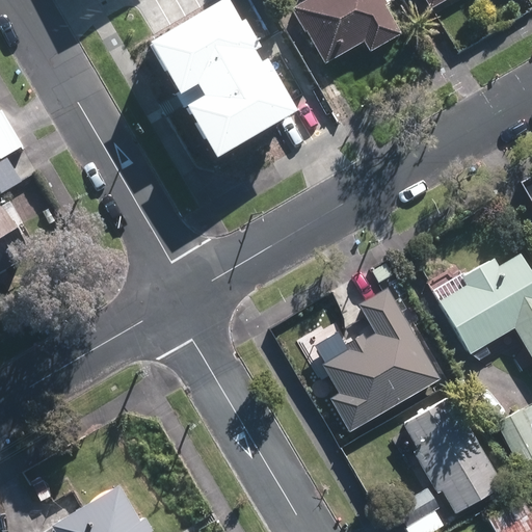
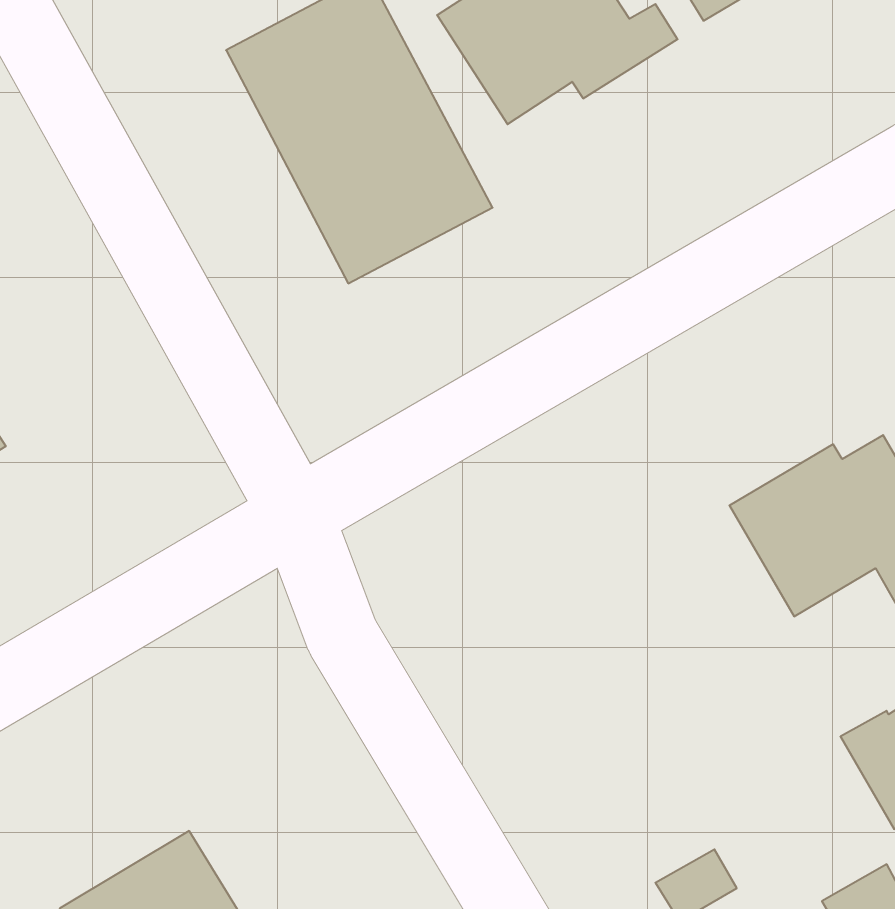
building: [321,285,442,431] -> none
building: [400,394,504,514] -> none

